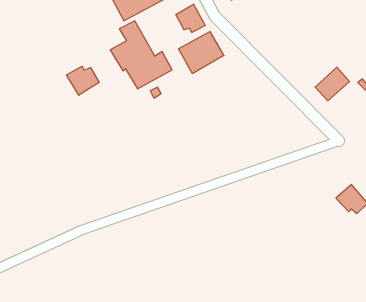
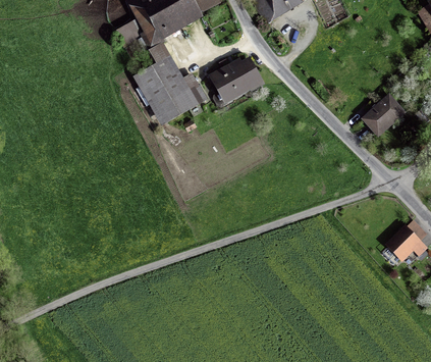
building: [176,4,205,32] -> none
building: [66,66,99,95] -> none

